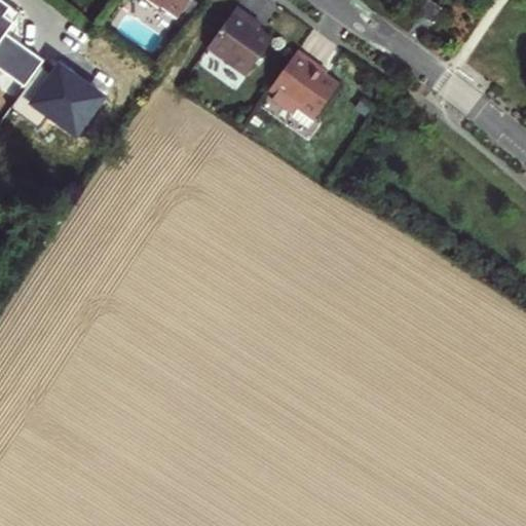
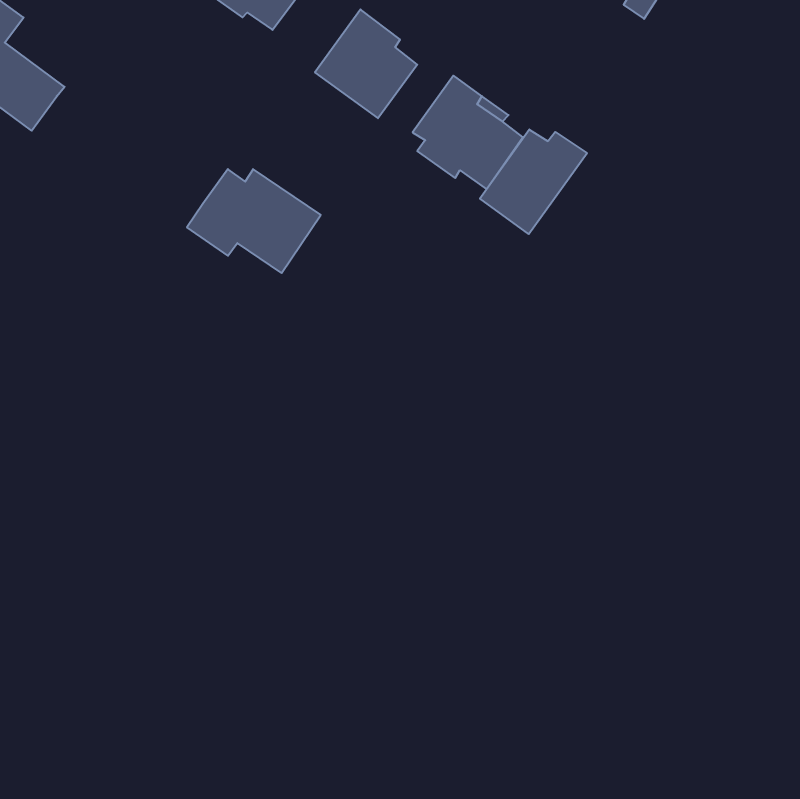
building: [10,63,98,130] -> [187,169,321,273]
building: none -> [480,129,587,234]

